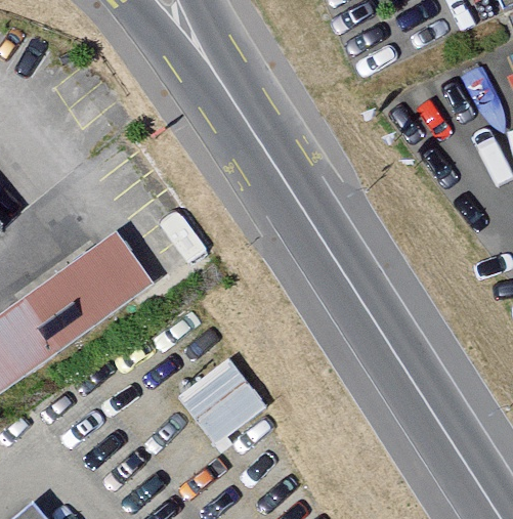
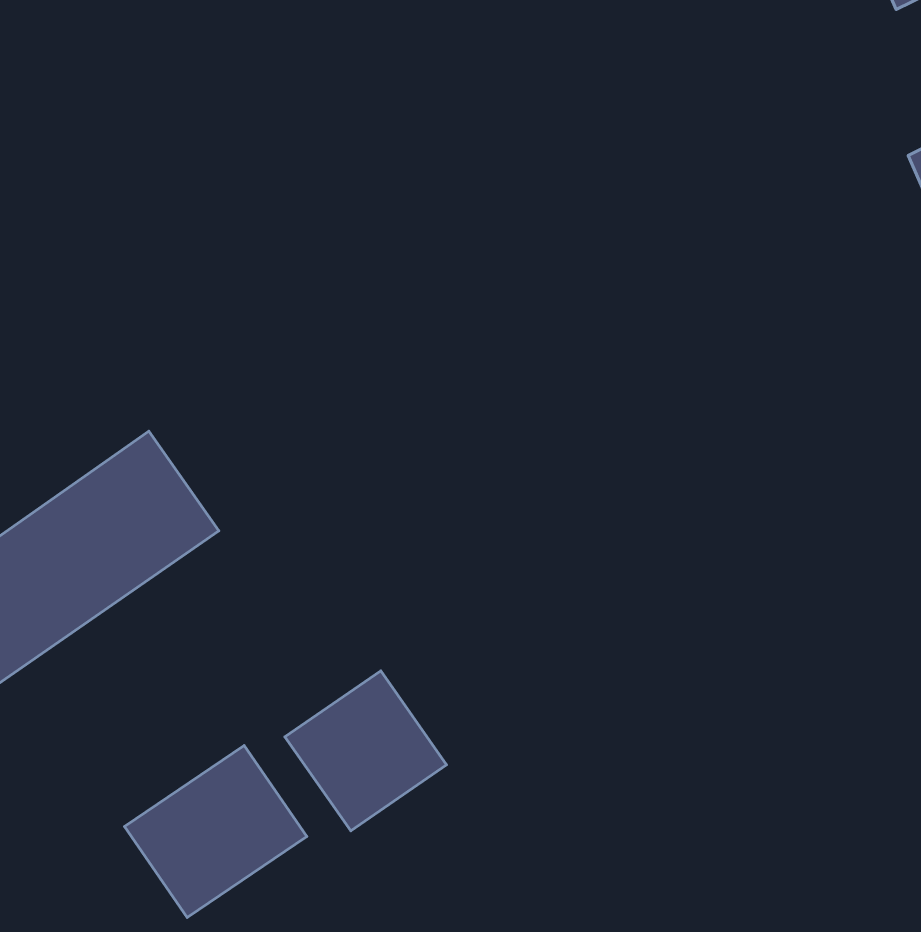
building: none -> [124,746,307,918]

